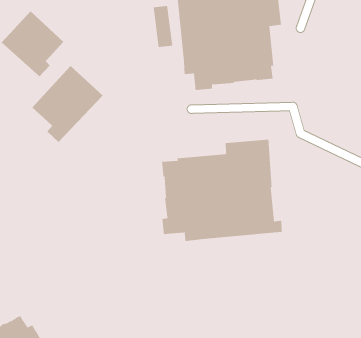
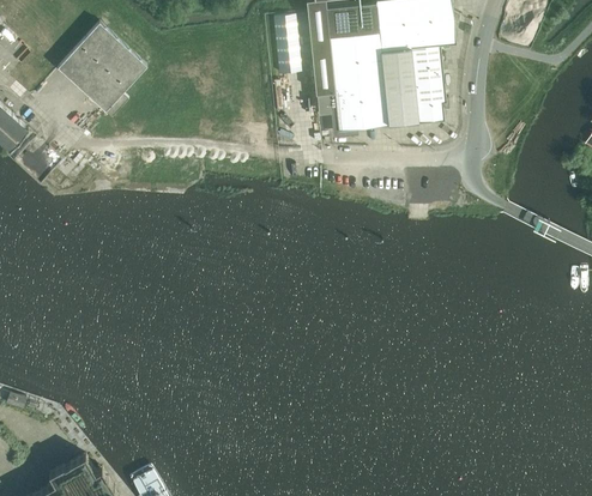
building: [32,65,103,143] -> none
building: [162,139,282,242] -> none

